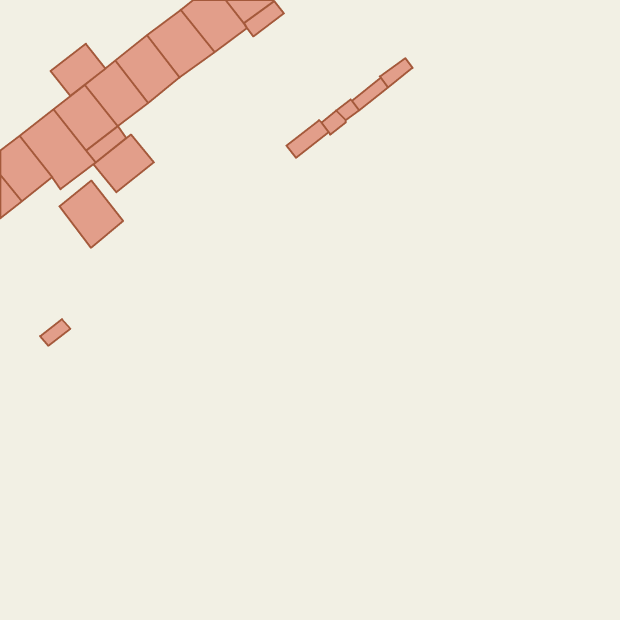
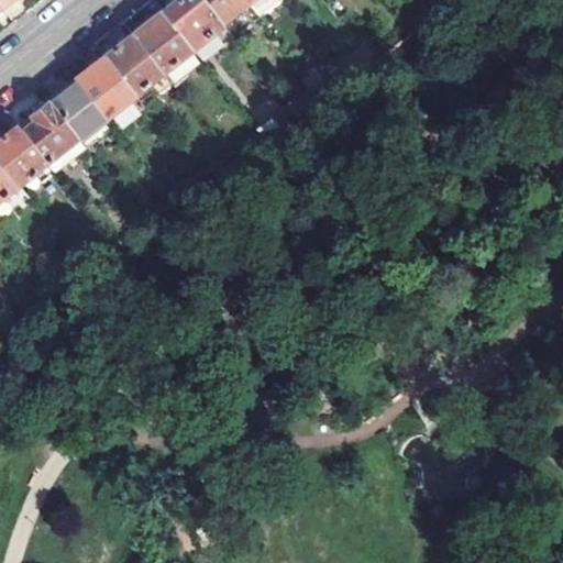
building: [51,44,106,96] -> none
building: [93,135,154,192] -> none
building: [59,181,123,248] -> none

